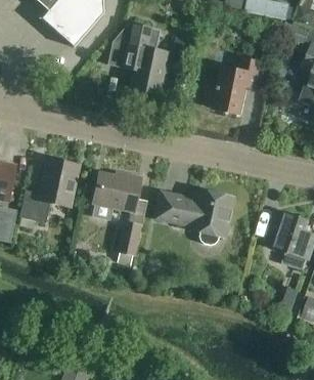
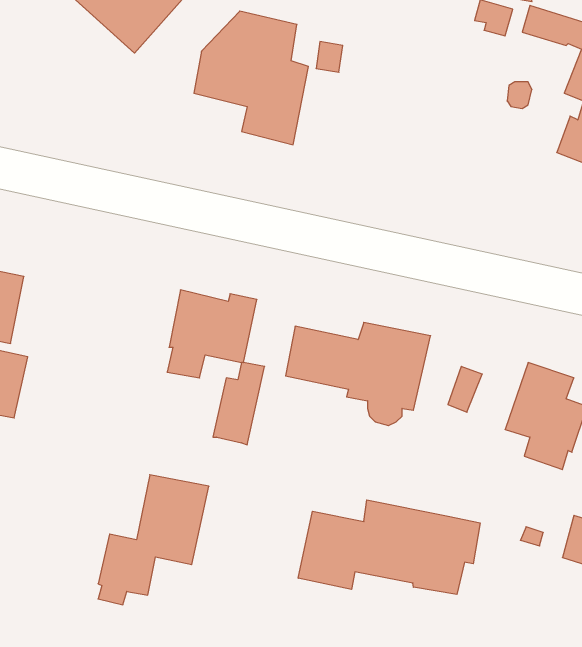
building: [204,58,265,115] -> none
building: [18,158,78,227] -> [98,475,209,605]
building: none -> [298,500,480,594]

